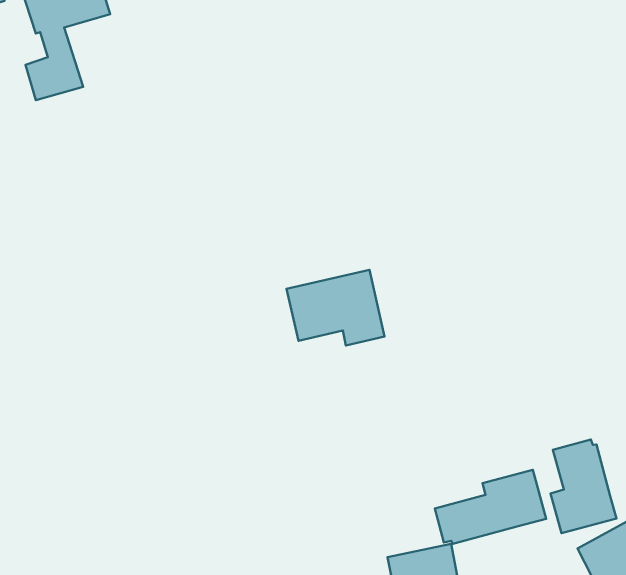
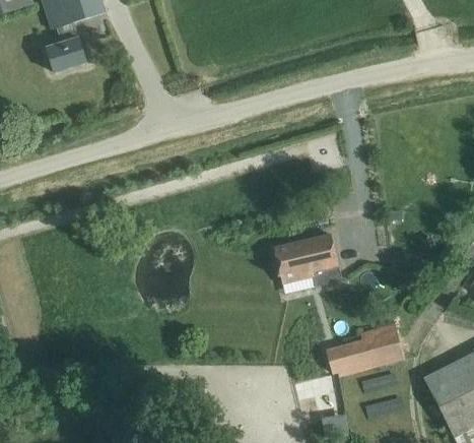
building: [287,270,384,345] -> [274,234,341,286]
building: [551,439,617,533] -> none

